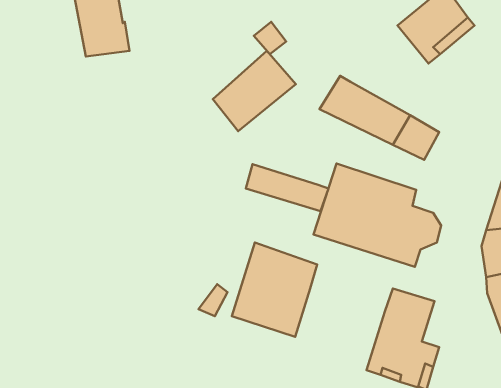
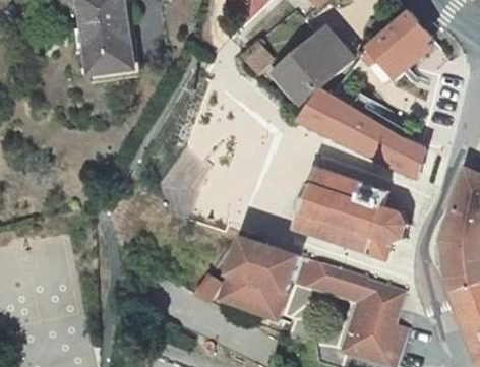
building: [213,51,296,131] -> [276,29,349,101]
building: none -> [391,139,437,183]
building: [246,164,329,211] -> [290,256,363,298]

